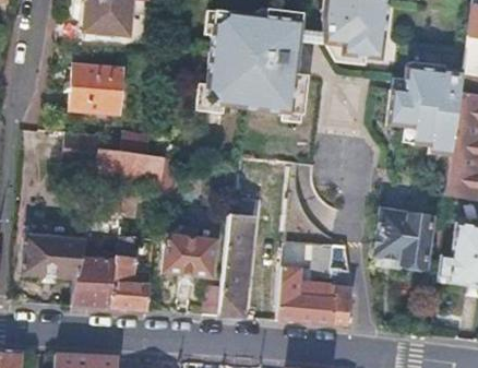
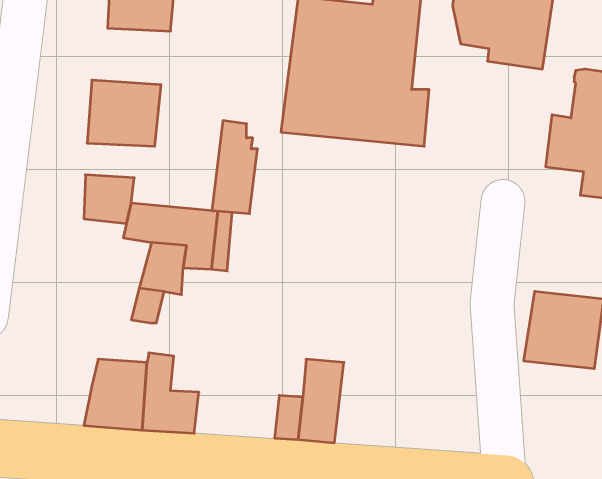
building: [224,198,255,262] -> [212,121,258,214]
building: [163,228,215,276] -> none
building: [20,235,84,278] -> none
building: [278,242,351,324] -> none

